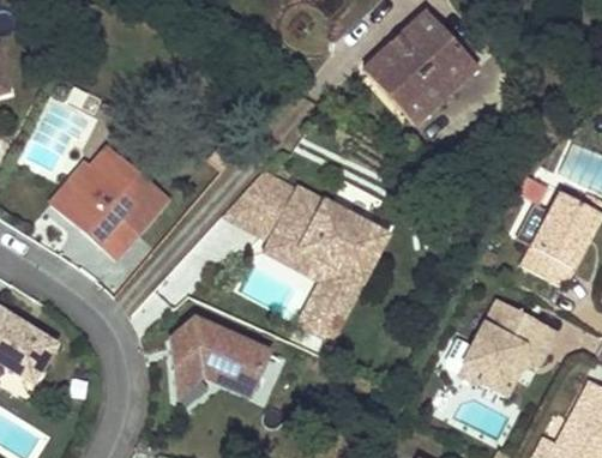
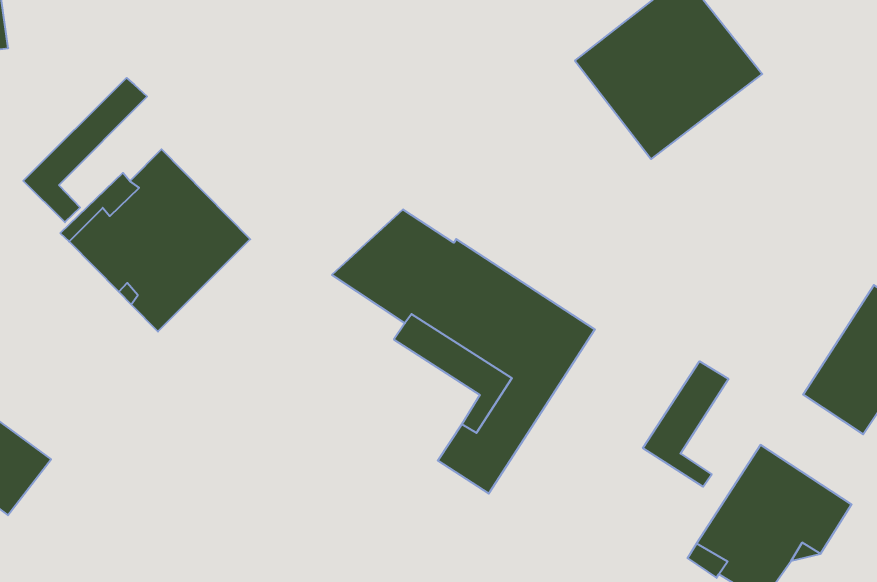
building: none -> [23,78,147,222]
building: none -> [643,361,728,487]
building: [169,318,269,397] -> none

